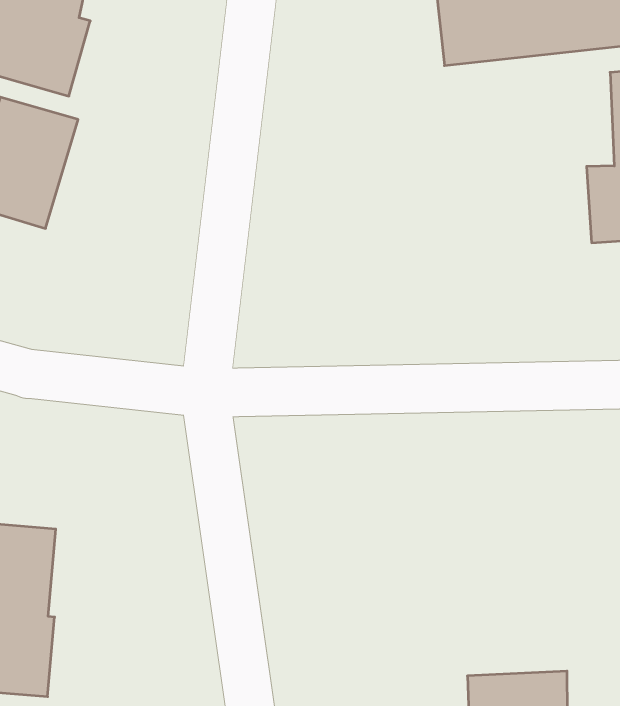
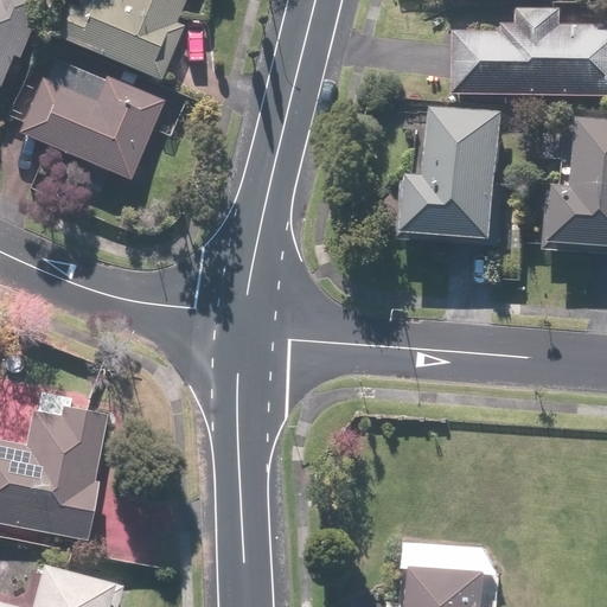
building: none -> [397,103,506,247]

